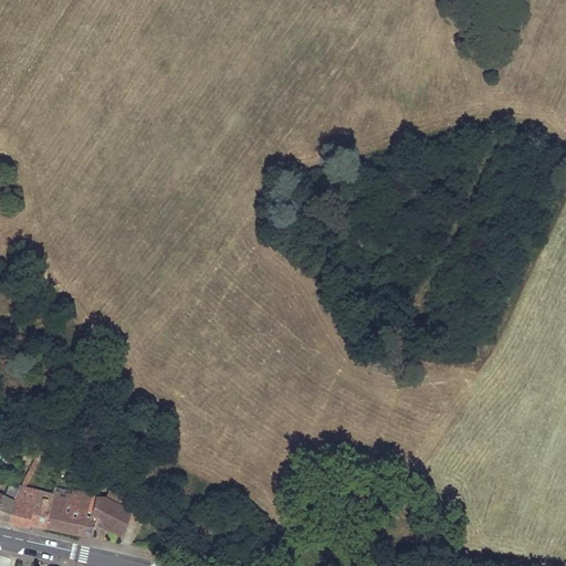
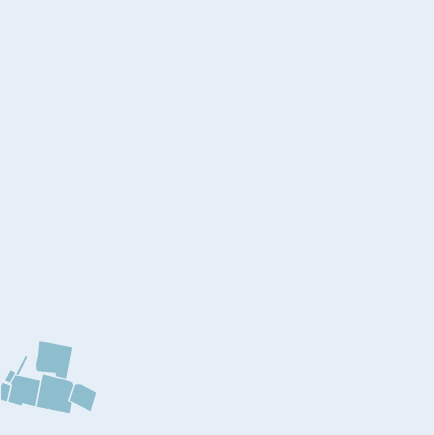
building: none -> [35,341,73,380]

